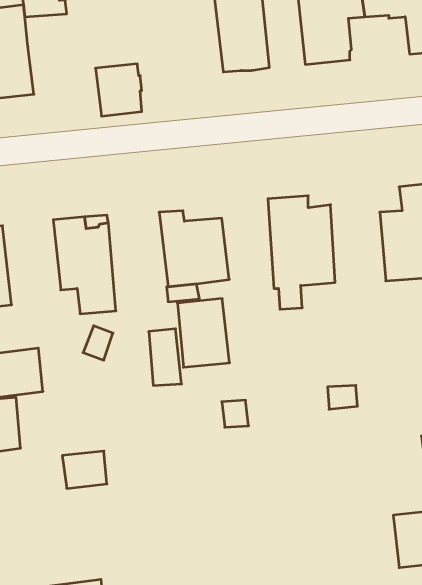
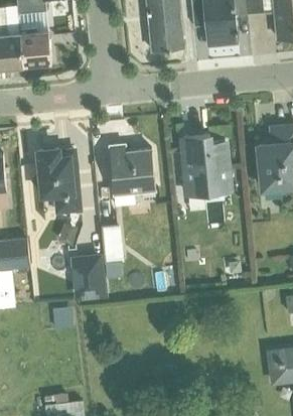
building: [95,64,142,116] -> [20,31,51,66]
building: [177,299,230,367] -> [70,254,106,300]

